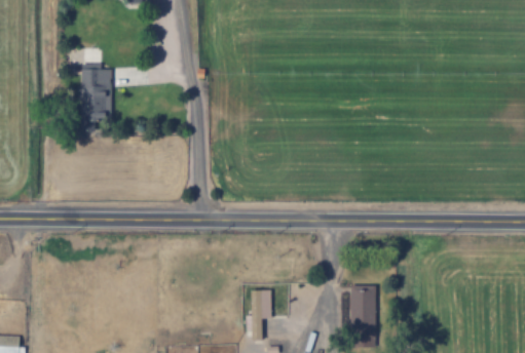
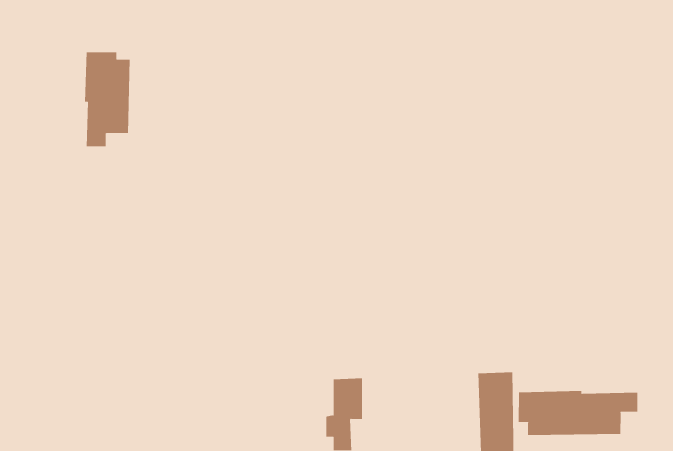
building: none -> [518,390,638,436]

